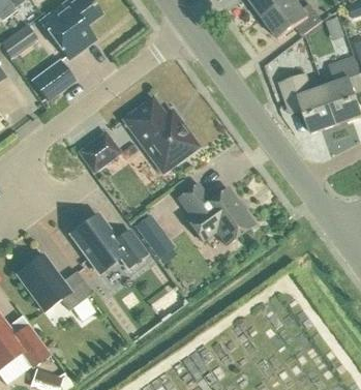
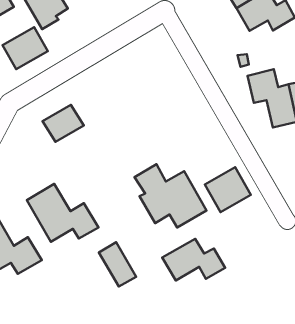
building: [123,96,200,167] -> none
building: none -> [205,167,251,212]
building: [134,211,175,256] -> [99,242,136,286]
building: none -> [162,239,225,281]

